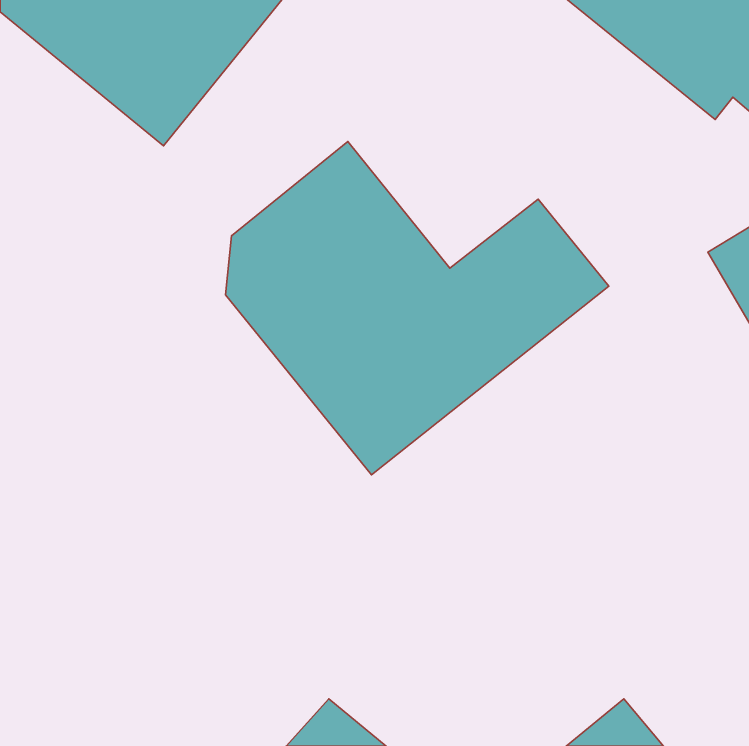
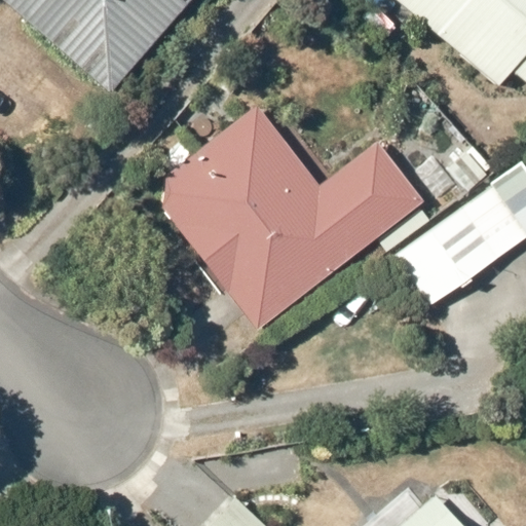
building: none -> [400,190,520,296]

